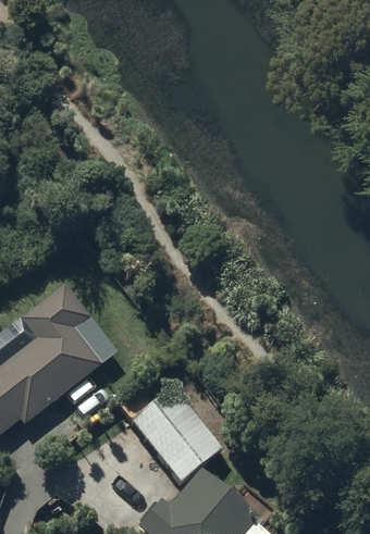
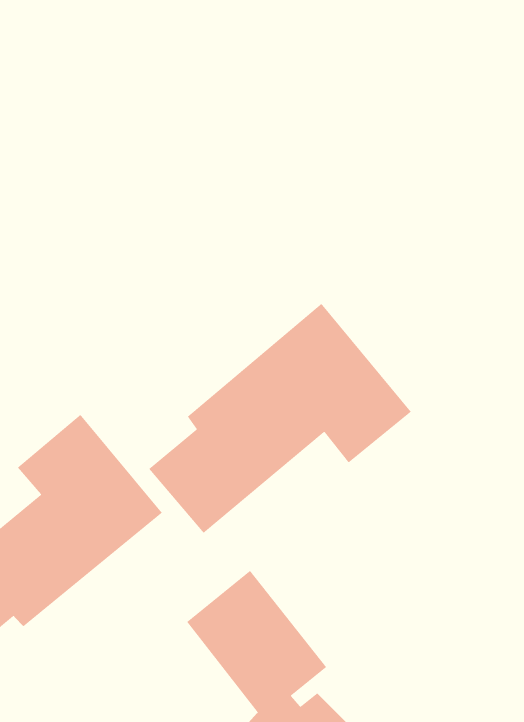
building: none -> [148,303,412,534]

